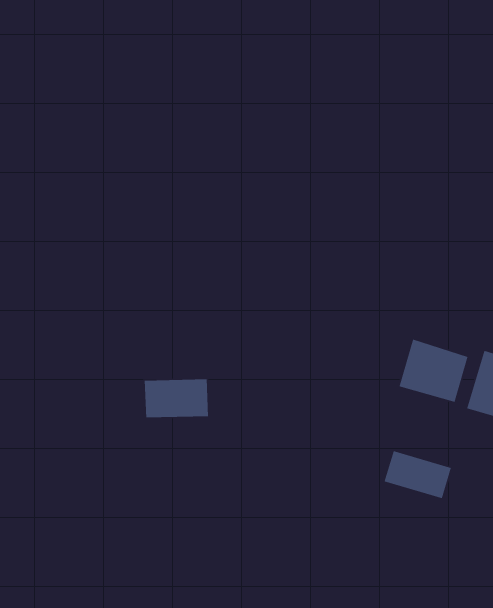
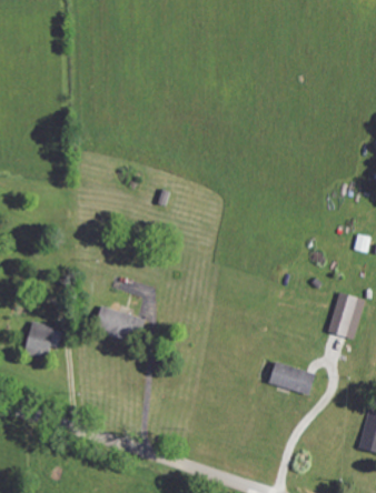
building: [399,339,468,403] -> none
building: none -> [24,322,57,359]

